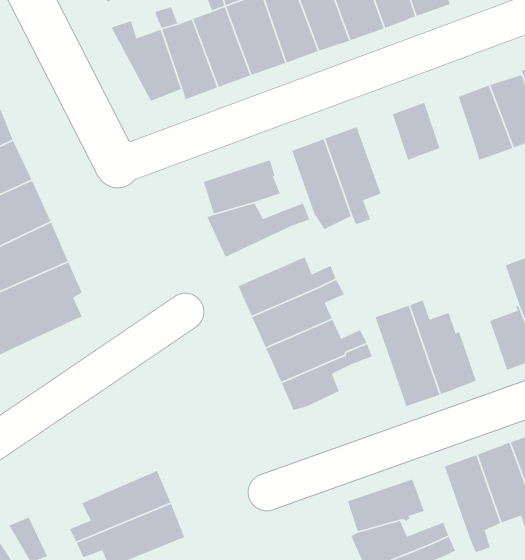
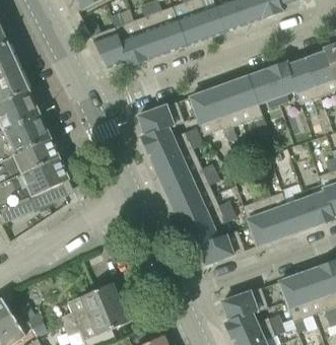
building: none -> [268,62,295,95]
building: none -> [228,75,268,134]
building: none -> [151,137,205,176]
building: none -> [288,196,316,231]
building: none -> [199,233,234,265]

